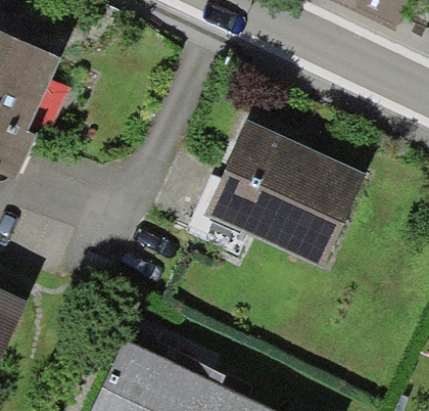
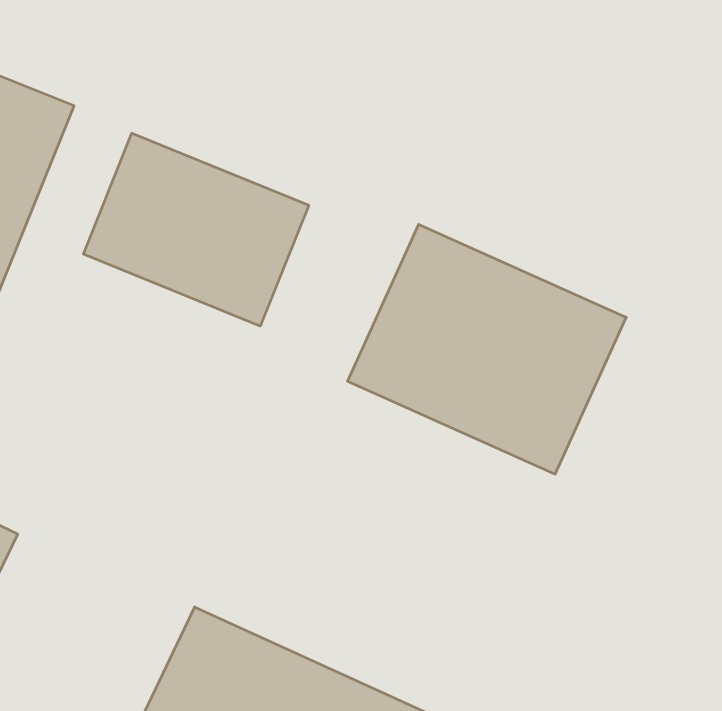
building: none -> [83,133,309,326]

